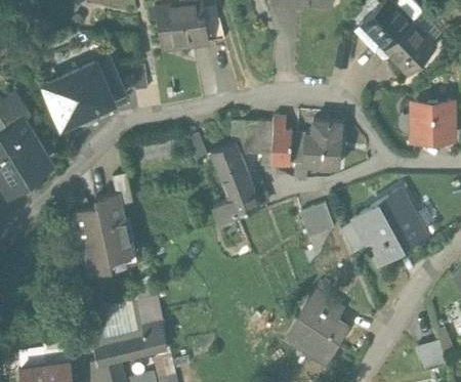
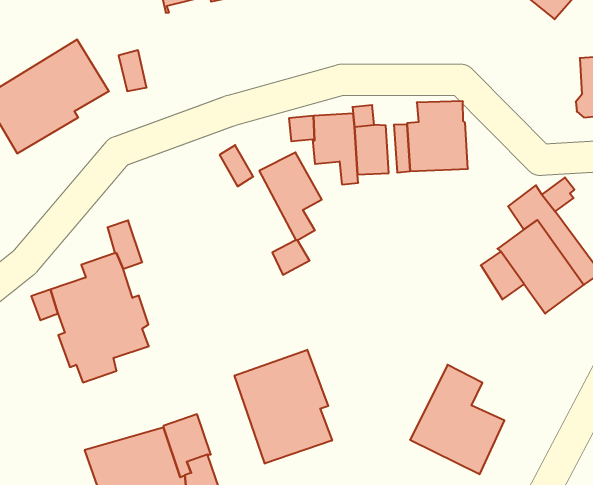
building: [230,176,259,213] -> none
building: [300,203,334,235] -> none
building: none -> [235,350,332,464]

